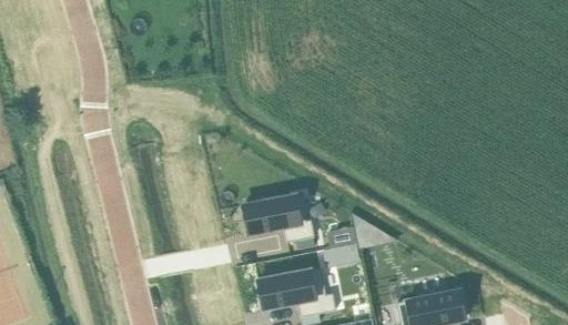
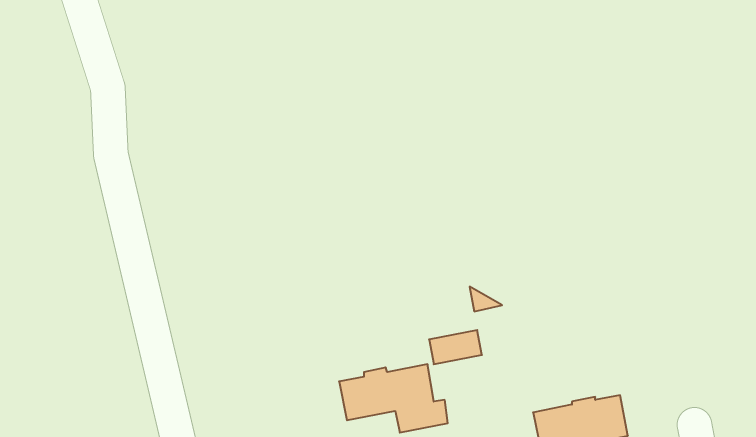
building: [243,193,314,241] -> none

